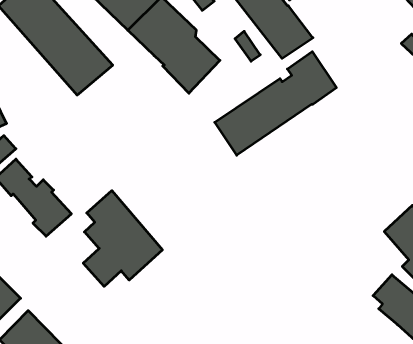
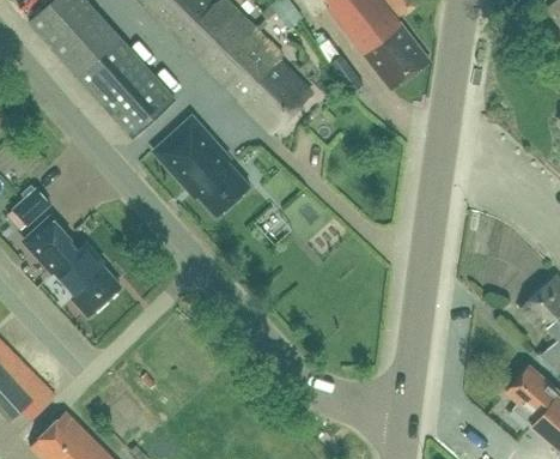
building: [215,52,336,155] -> none
building: none -> [156,117,251,217]
building: [83,191,162,286] -> none

